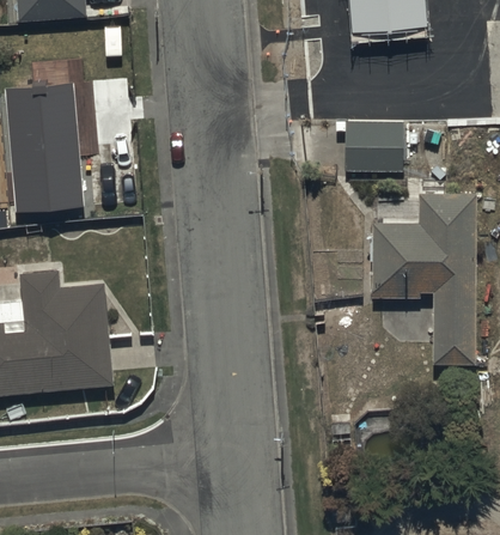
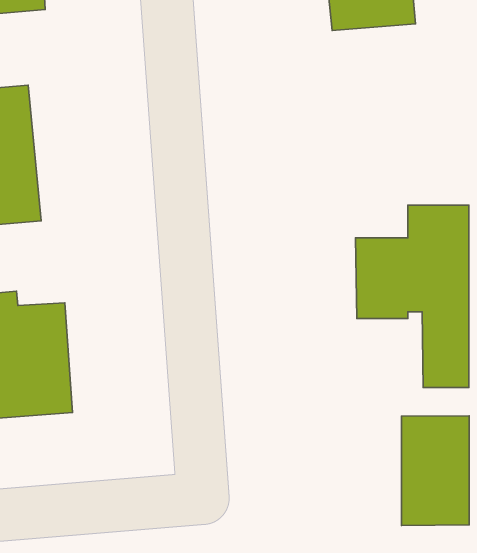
building: [342,122,402,174] -> none
building: none -> [402,416,469,525]

